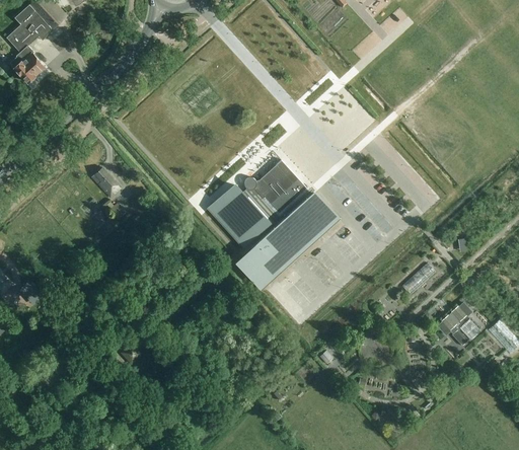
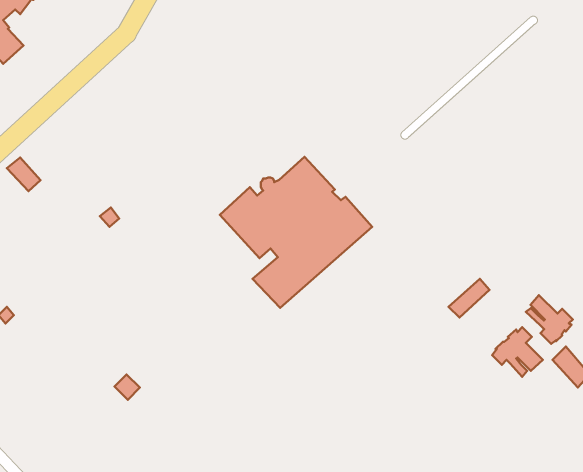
building: [91,168,120,197] -> [7,157,41,191]
building: none -> [526,295,573,344]

